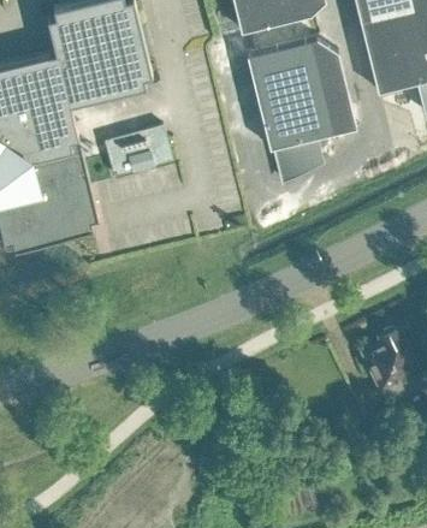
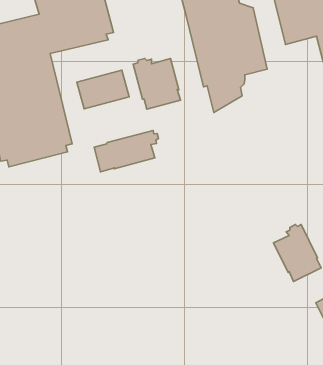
building: none -> [133,58,181,109]
building: none -> [94,130,159,172]

